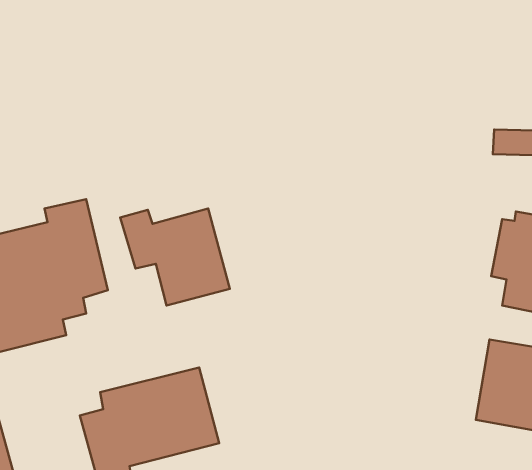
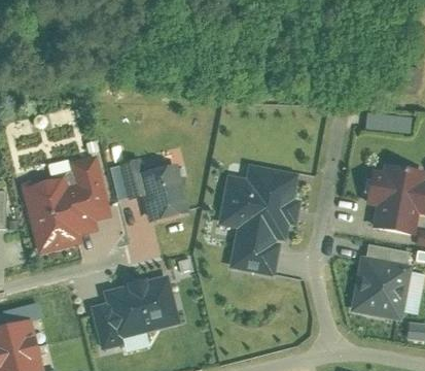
building: none -> [218,162,302,276]

